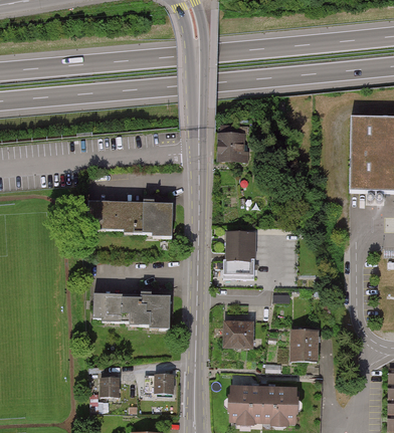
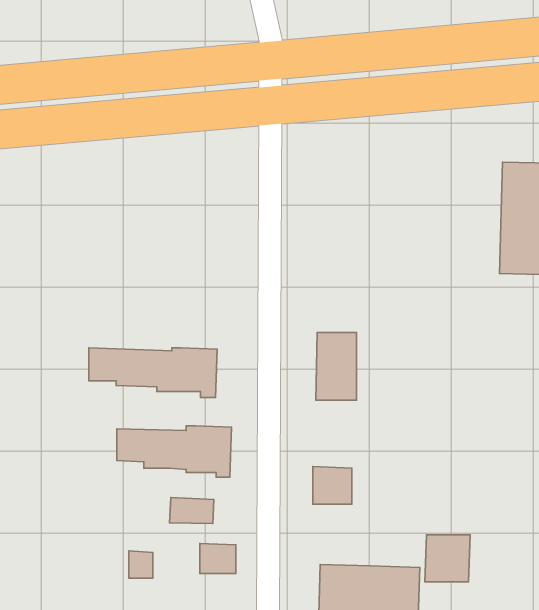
building: [220,124,246,158] -> none
building: [88,203,174,236] -> [89,348,217,397]
building: [289,329,320,360] -> [425,535,470,582]
building: none -> [170,498,214,524]

